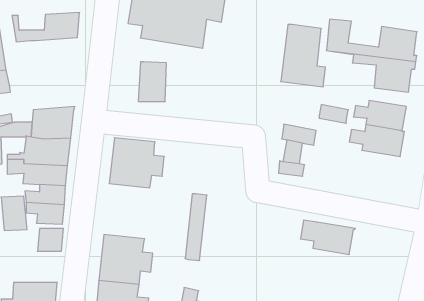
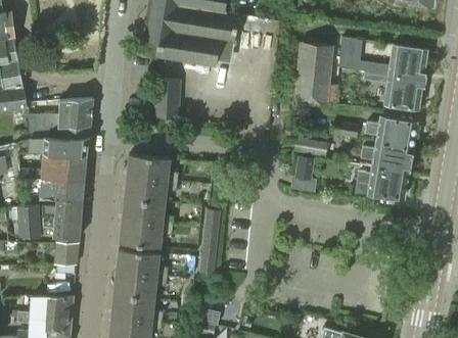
building: [12,13,80,42] -> [27,98,93,127]
building: none -> [120,198,174,247]
building: [300,220,355,254] -> [357,163,411,197]

